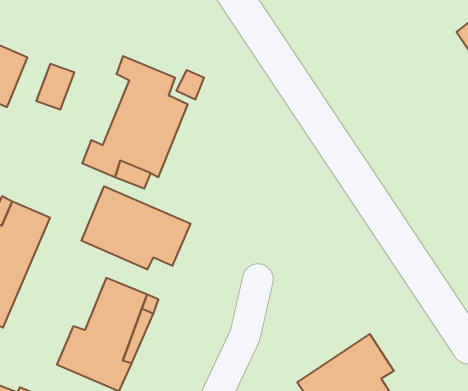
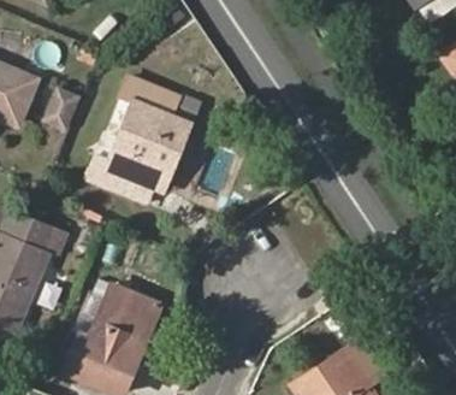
building: [81,186,190,270] -> none

